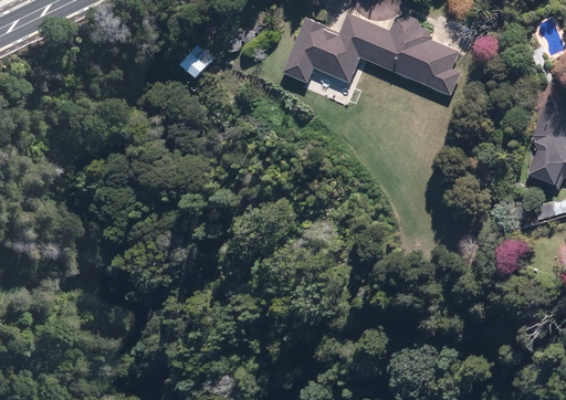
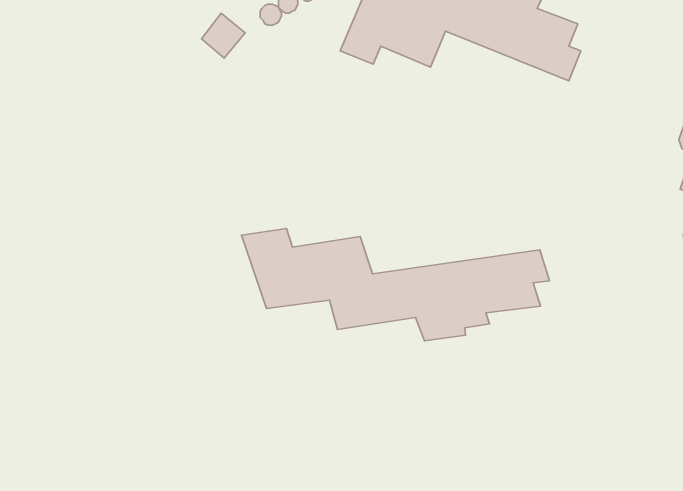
building: none -> [241,228,550,341]

